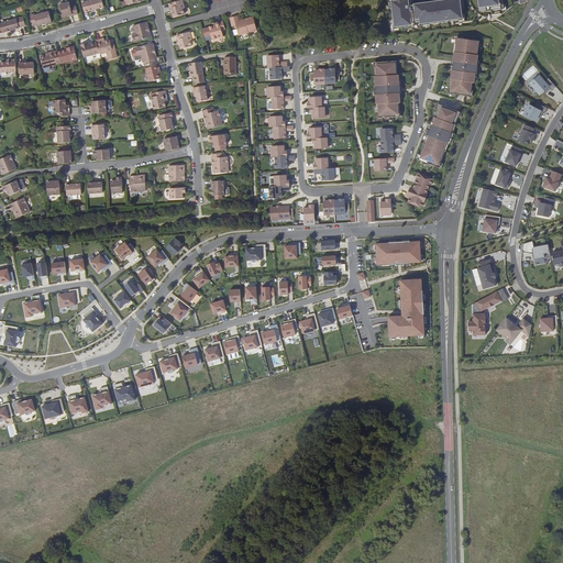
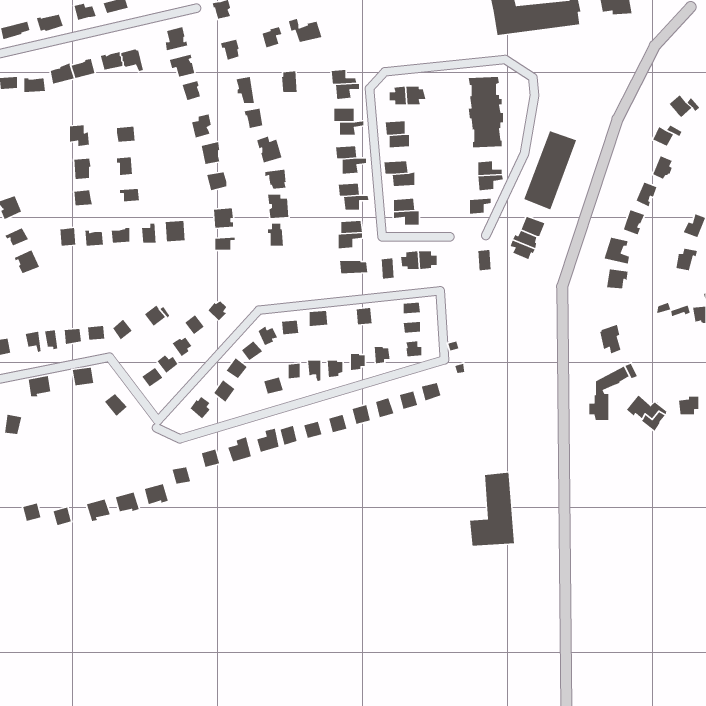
building: [449,37,474,95] -> none
building: [373,240,418,264] -> none
building: [387,277,423,336] -> [469,472,515,547]

